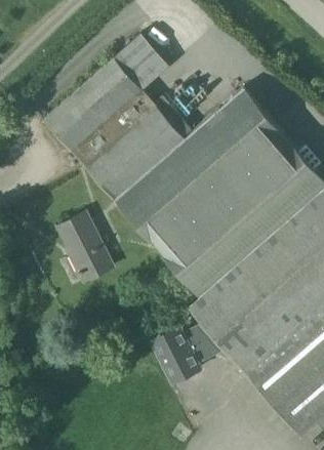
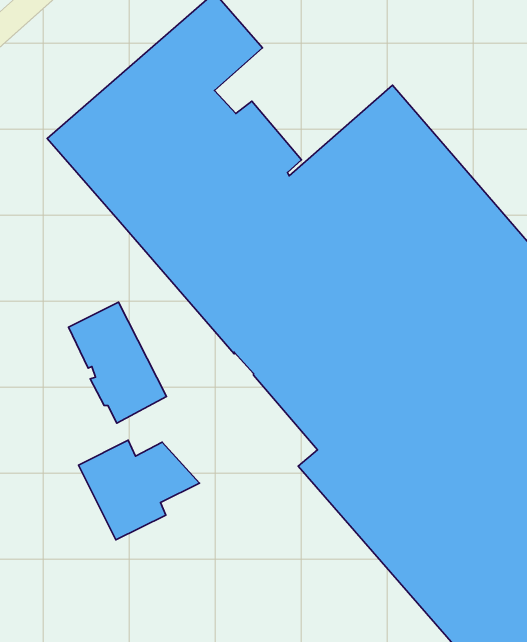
building: [151,328,220,385] -> [79,440,199,540]

